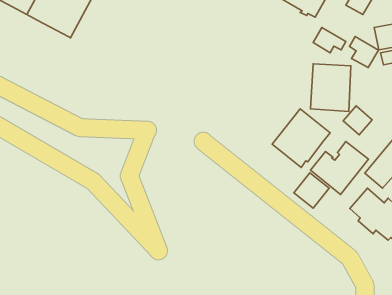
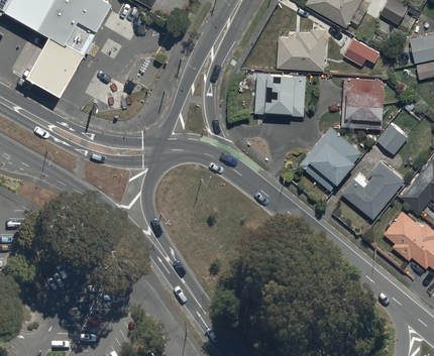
building: none -> [277,28,326,71]
building: none -> [21,30,80,92]
building: [349,37,379,68] -> none
building: none -> [254,73,307,116]
building: [294,173,329,208] -> none

